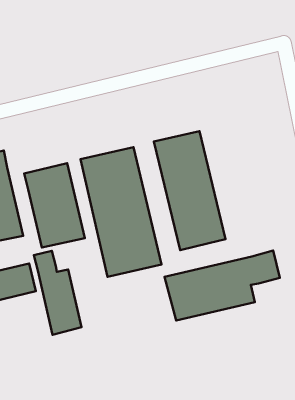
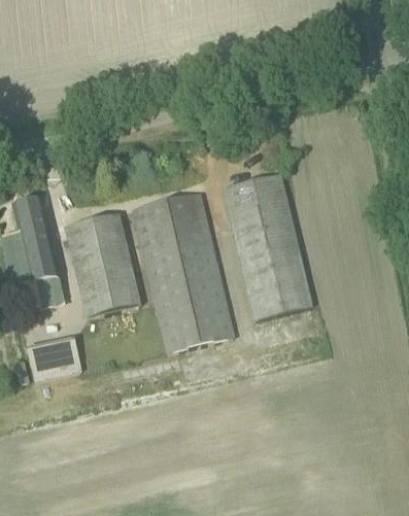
building: [164,251,280,321] -> none
building: [34,251,82,335] -> none

